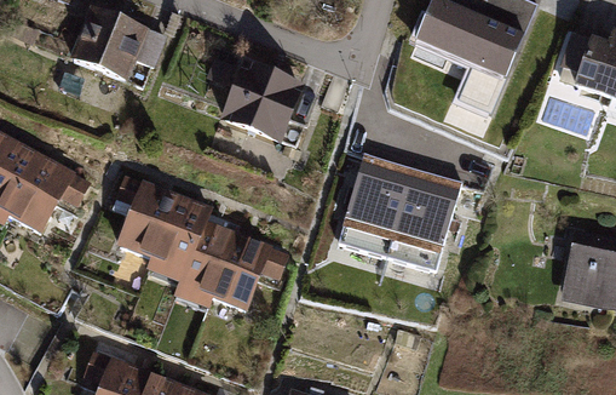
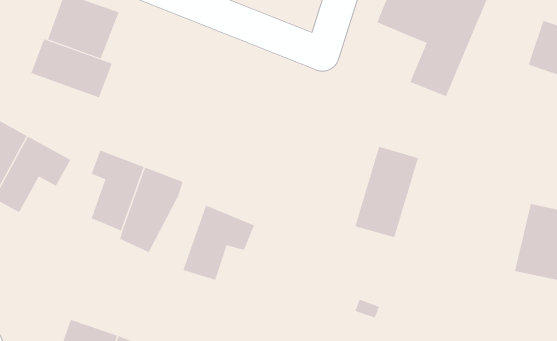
building: none -> [31,38,112,98]
building: [225,64,298,136] -> none
building: [349,155,418,253] -> none
building: [171,221,235,309] -> none

